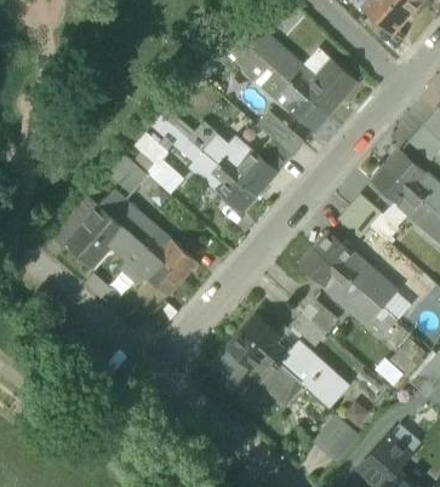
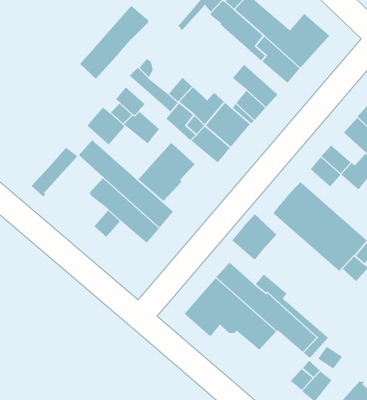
building: none -> [79,5,149,79]
building: [65,205,125,267] -> [137,142,195,202]
building: [290,298,337,346] -> [231,213,277,261]

